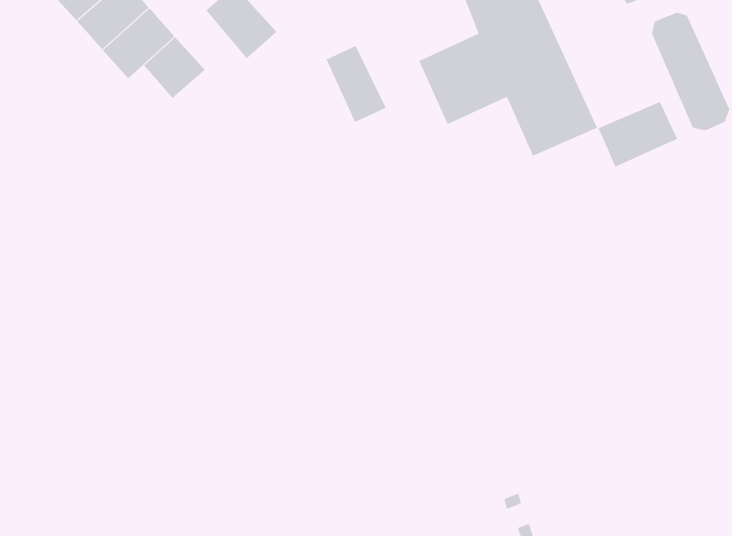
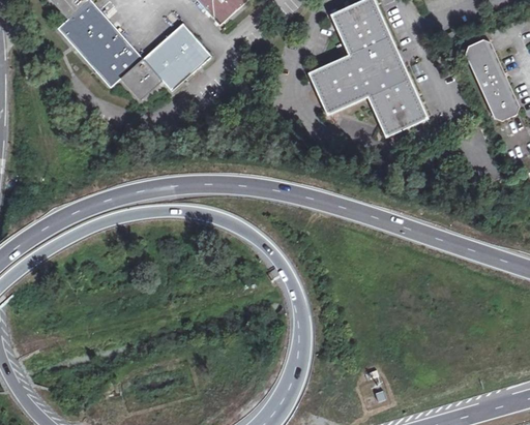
building: none -> [141,38,189,89]
building: [326,45,387,123] -> none
building: [598,101,678,168] -> none

